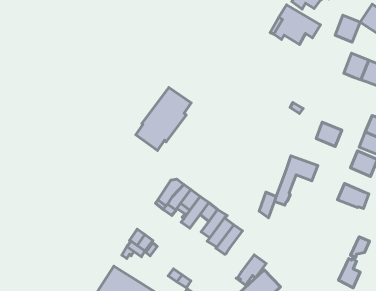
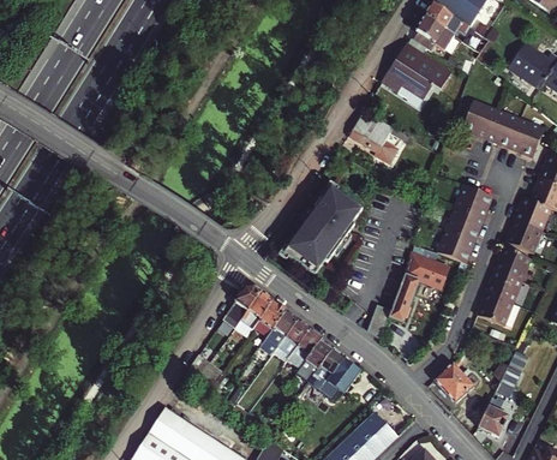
building: [335,15,360,42] -> [461,101,496,138]
building: none -> [348,112,409,165]
building: [136,87,191,150] -> [286,186,363,274]
building: none -> [455,184,491,217]
building: none -> [438,229,473,262]
building: none -> [486,270,522,304]
building: none -> [435,363,477,402]
building: [236,255,266,285] -> [319,358,361,400]

